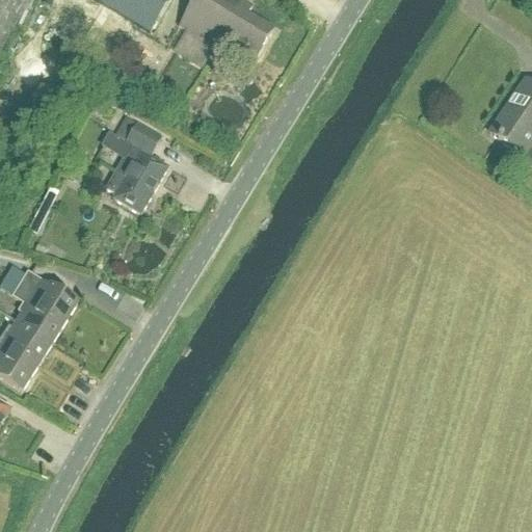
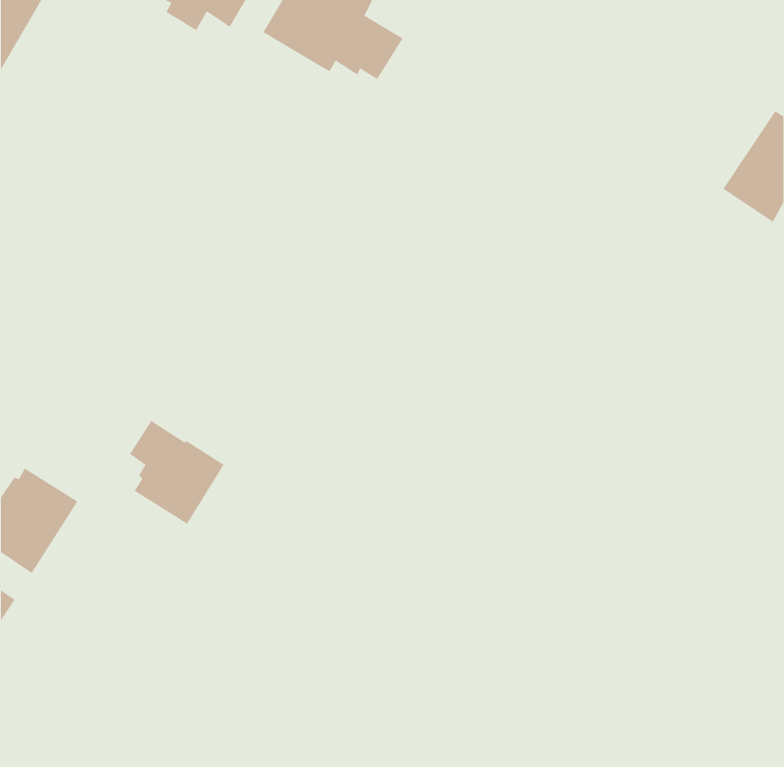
building: [106,114,167,210] -> none
building: [14,269,78,340] -> [129,420,224,525]

